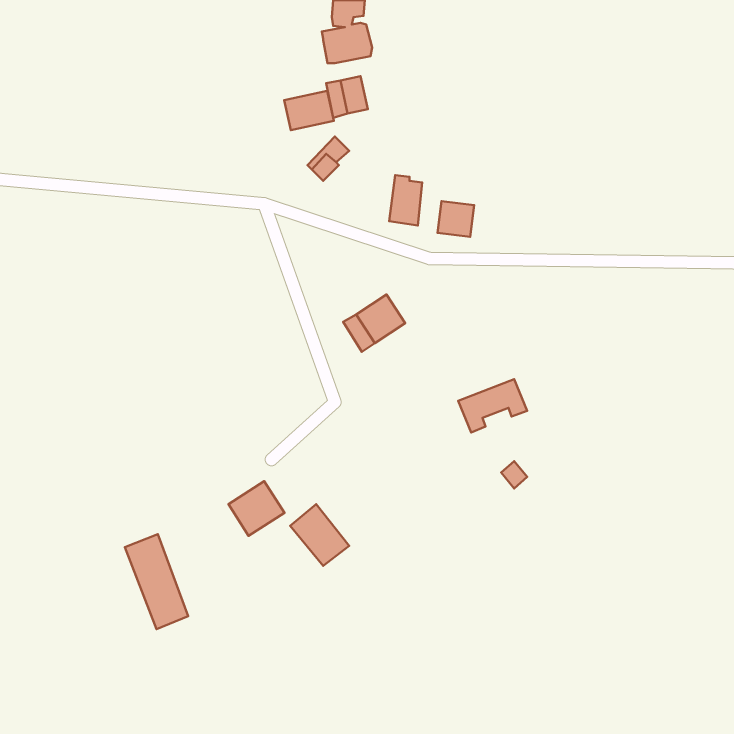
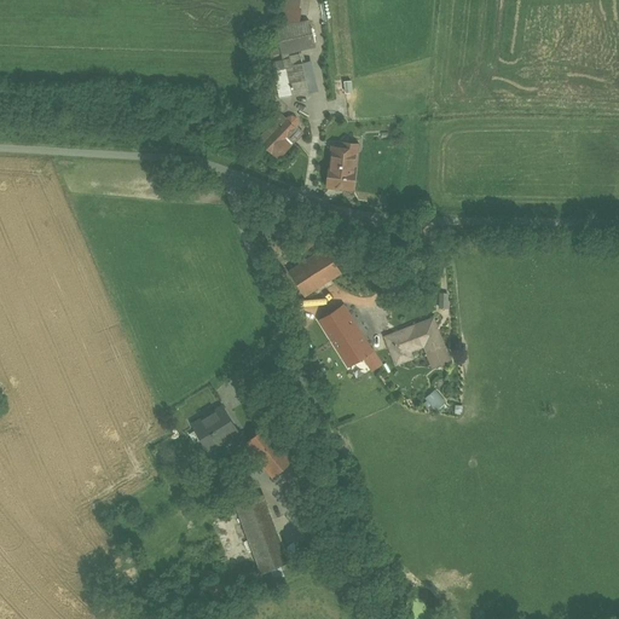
building: [284,91,334,130] -> none
building: [438,201,474,237] -> none
building: none -> [320,306,381,380]
building: [125,534,188,629] -> [236,493,289,573]

